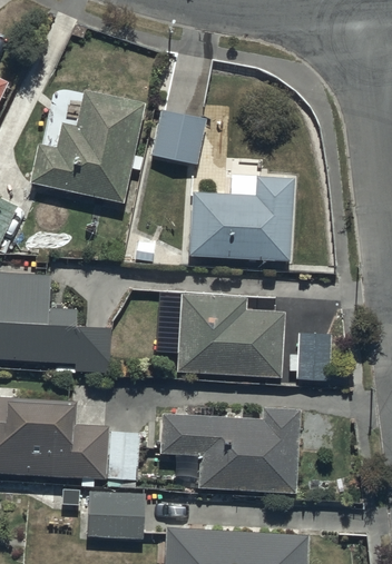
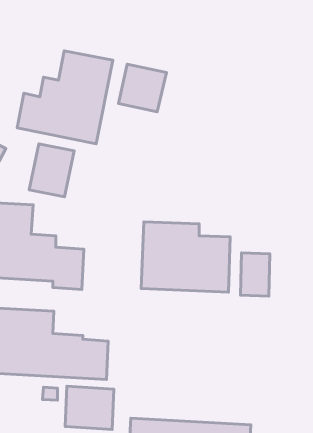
building: [188,175,293,260] -> none
building: none -> [29,144,74,197]
building: [159,406,300,492] -> none

